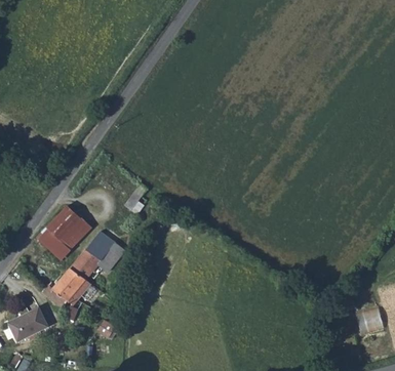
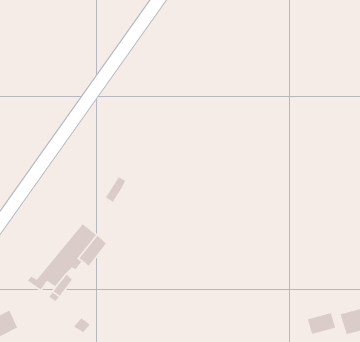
building: [39,203,92,256] -> none
building: none -> [307,312,336,335]

